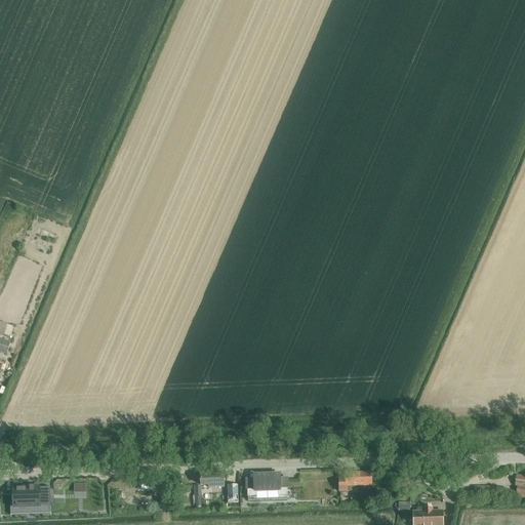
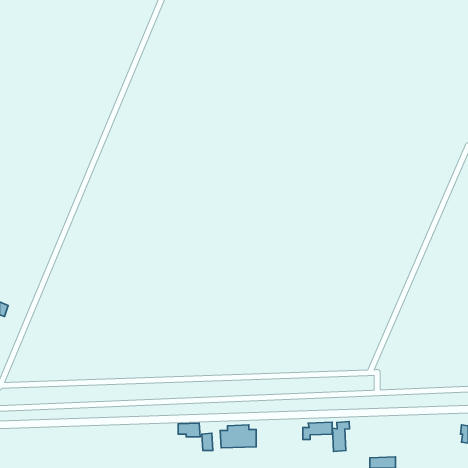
building: none -> [333,422,350,452]
building: [10,485,51,515] -> none

